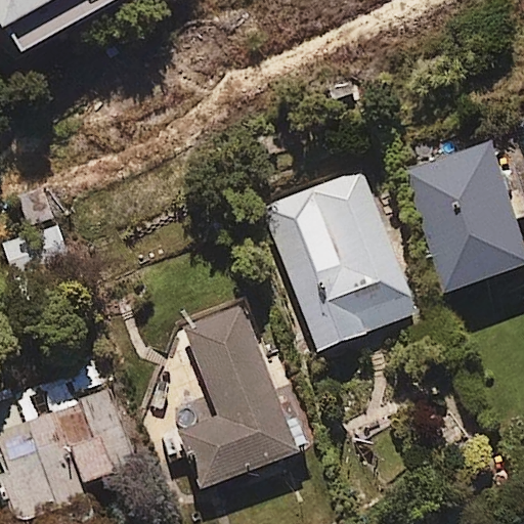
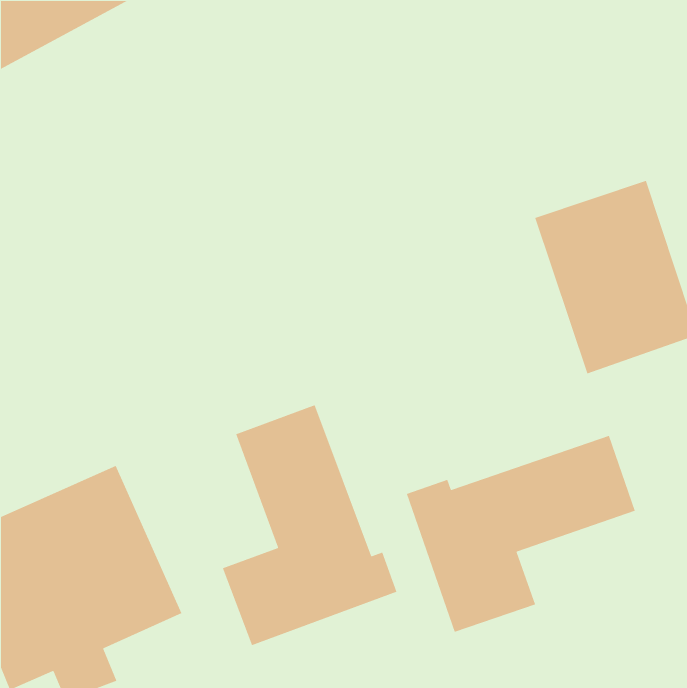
building: [266,173,412,349] -> none
building: none -> [406,435,636,633]

